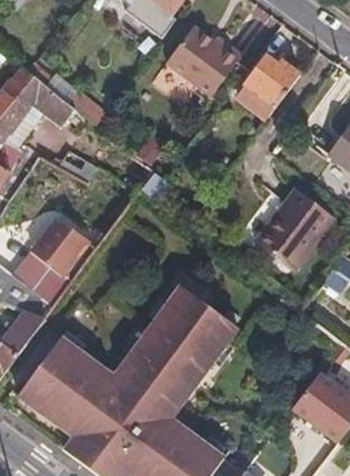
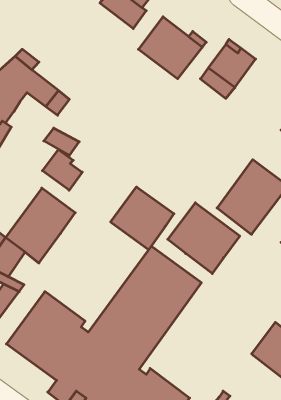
building: none -> [42,149,82,190]
building: none -> [111,187,174,250]
building: none -> [168,203,240,274]

